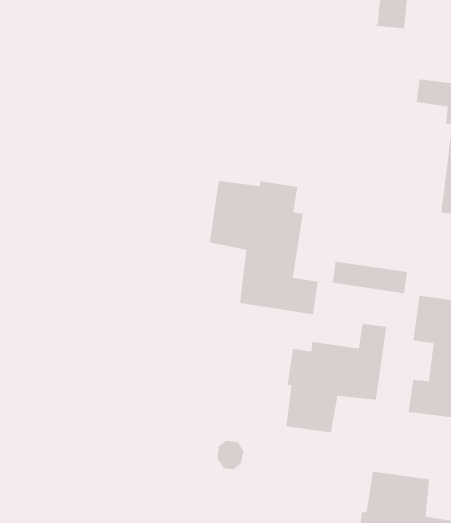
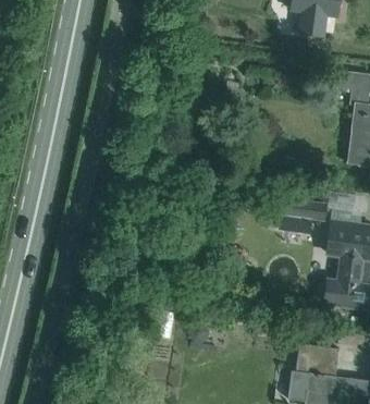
building: [209,180,318,315] -> none
building: [286,323,387,433] -> none

